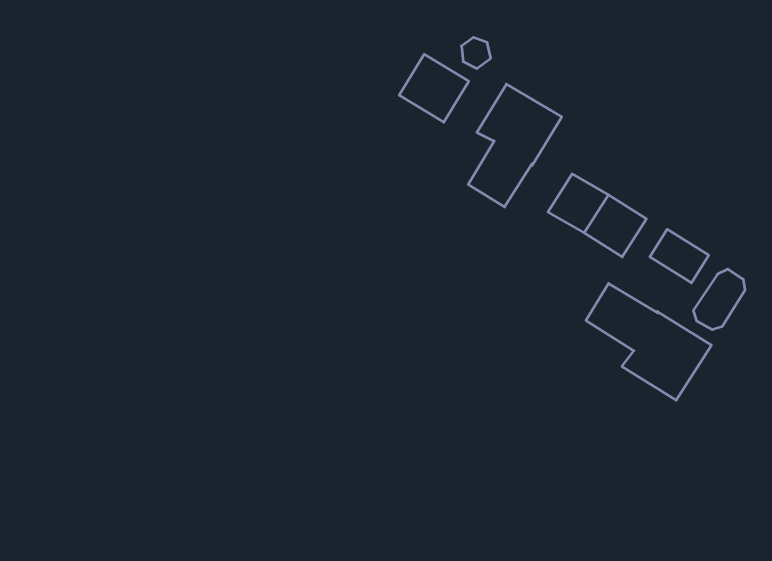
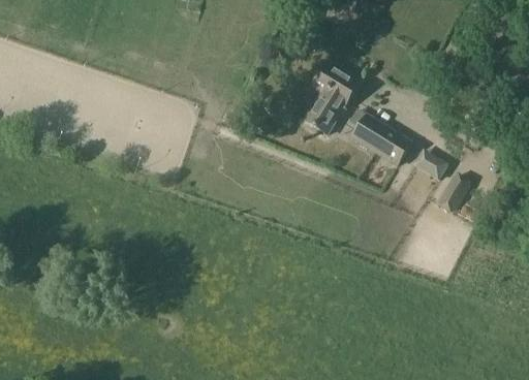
building: [399,54,469,122] -> none
building: [586,283,711,400] -> none

